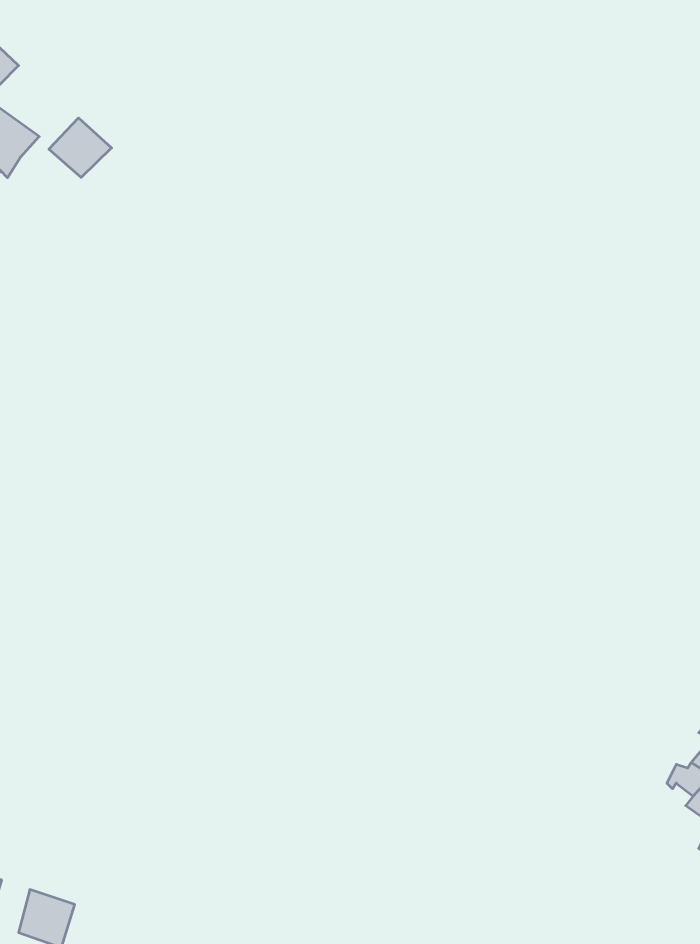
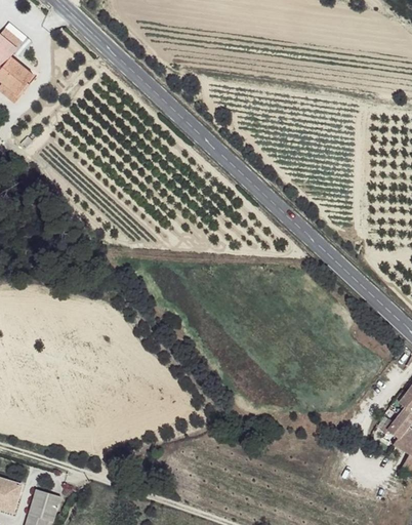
building: [49,118,112,177] -> none

